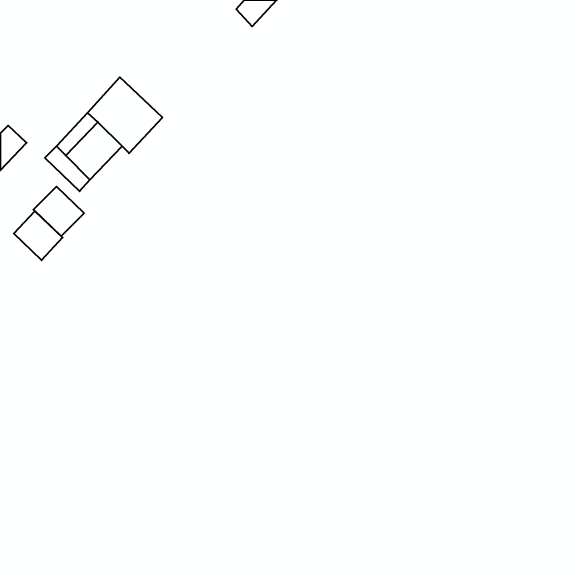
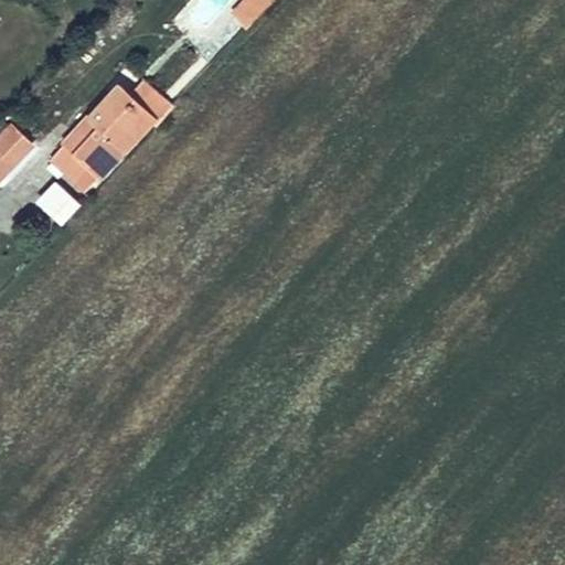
building: [14,211,63,260] -> none

